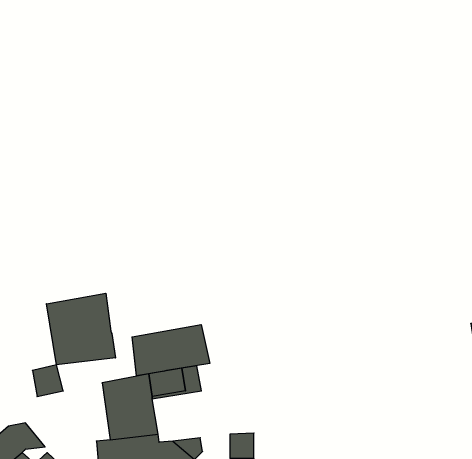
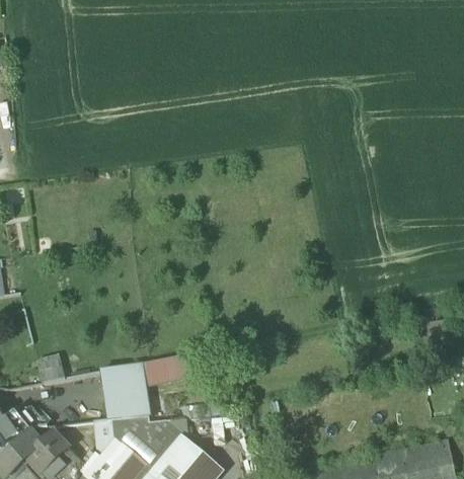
building: [46,293,115,365] -> none
building: [132,325,210,376] -> none

